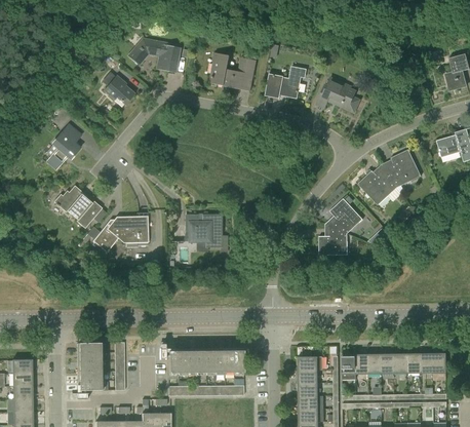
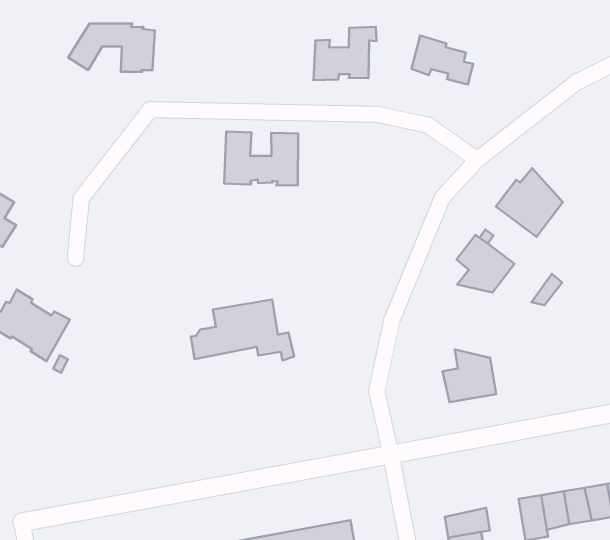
building: [208,52,256,90] -> [224,131,298,185]
building: [103,75,133,105] -> none
building: [382,149,421,188] -> none
building: [92,216,148,253] -> none
building: [318,225,347,255] -> [442,349,496,402]

